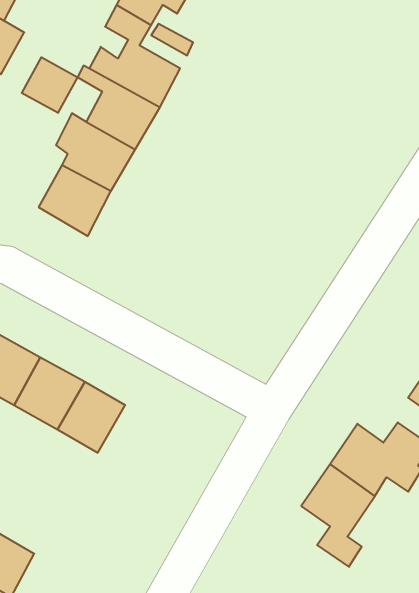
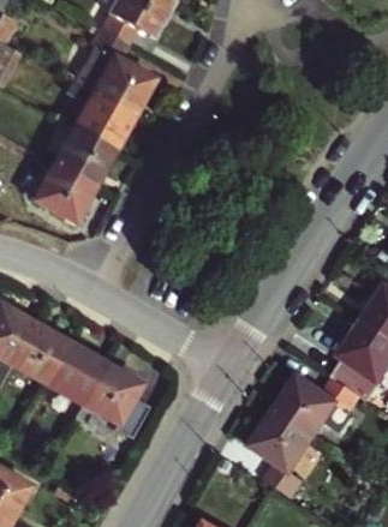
building: [22,57,78,113] -> none
building: none -> [83,361,150,435]

